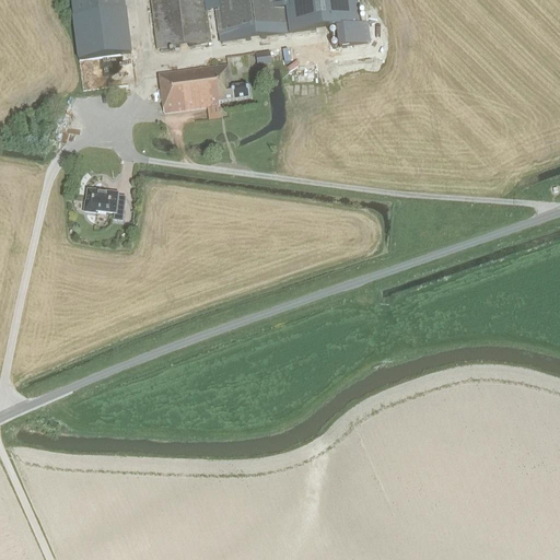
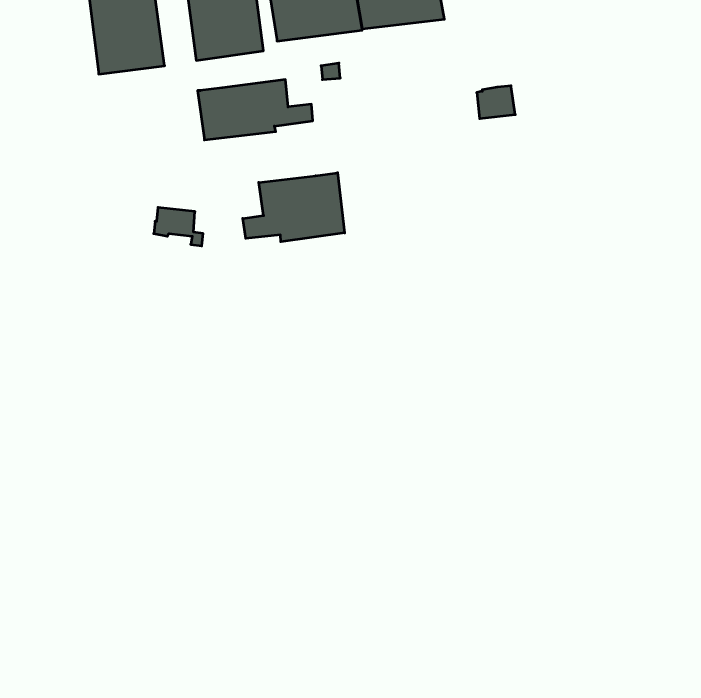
building: [338,21,369,47] -> [477,86,515,119]
building: none -> [243,173,345,242]
building: [84,189,124,220] -> [154,207,203,246]

